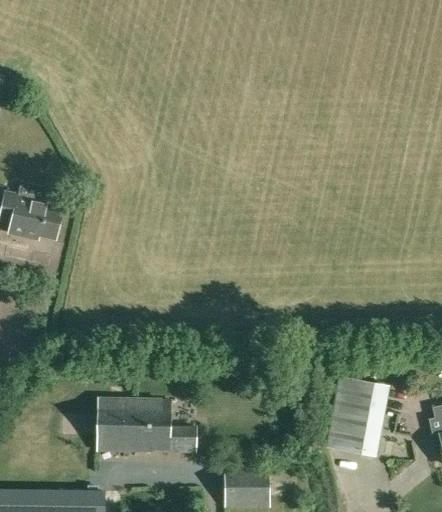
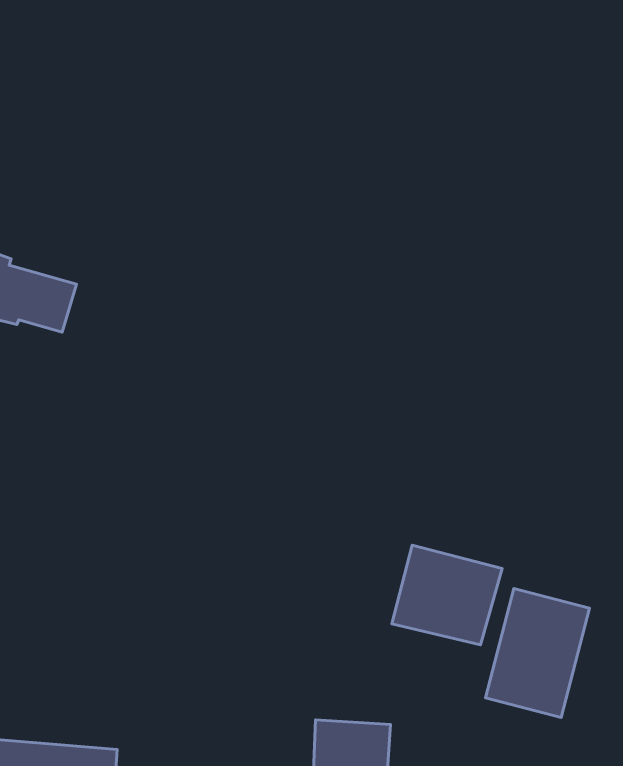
building: none -> [392,545,502,645]
building: [97,398,196,453] -> none

